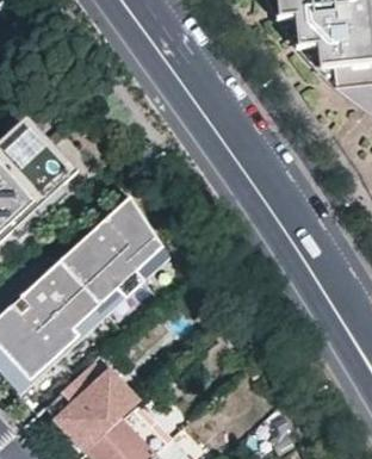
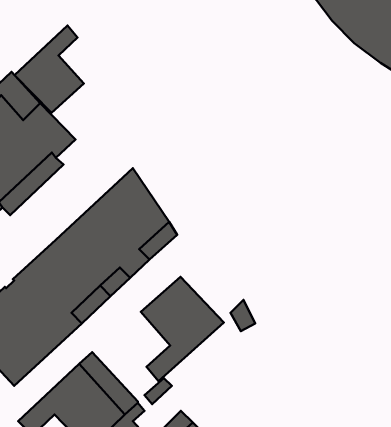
building: none -> [14,26,84,113]
building: none -> [141,277,224,381]

